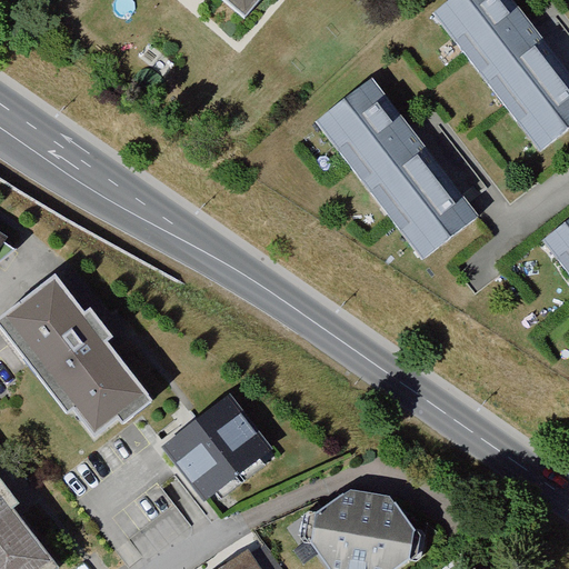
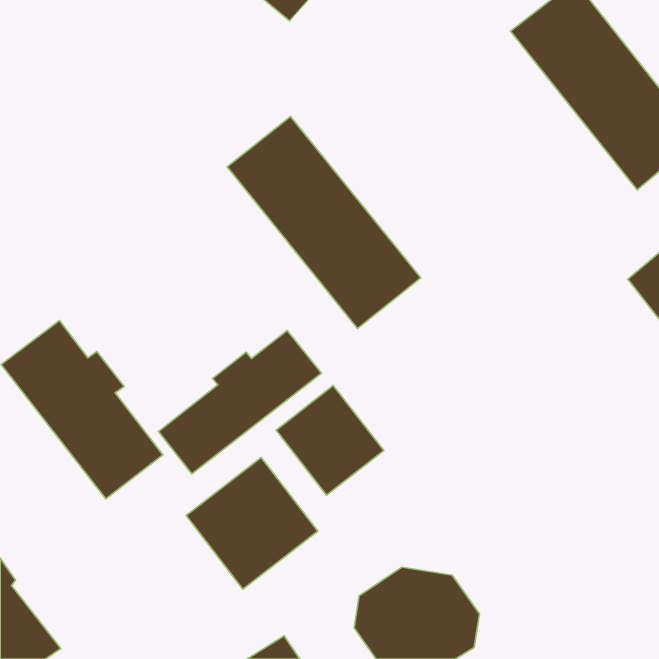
building: [325,92,491,274] -> [227,116,421,328]
building: none -> [158,330,322,474]
building: none -> [276,386,384,495]

